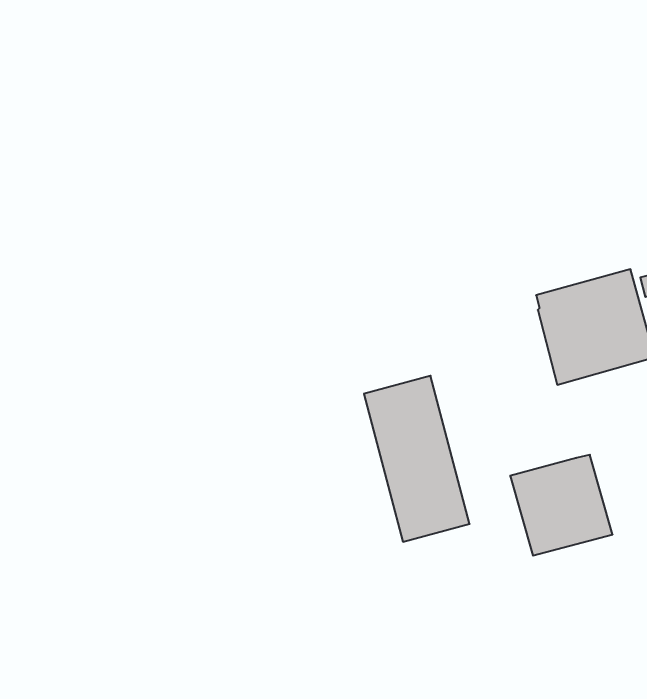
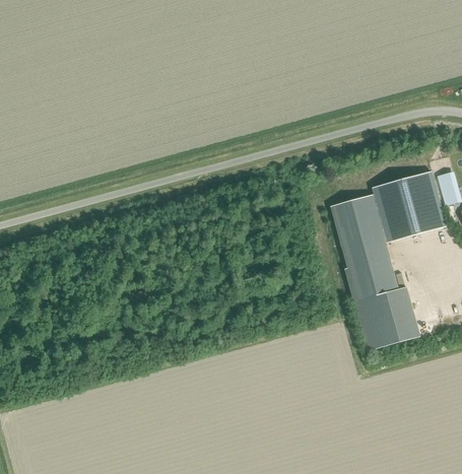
building: [364,376,470,542] -> [331,196,397,299]

